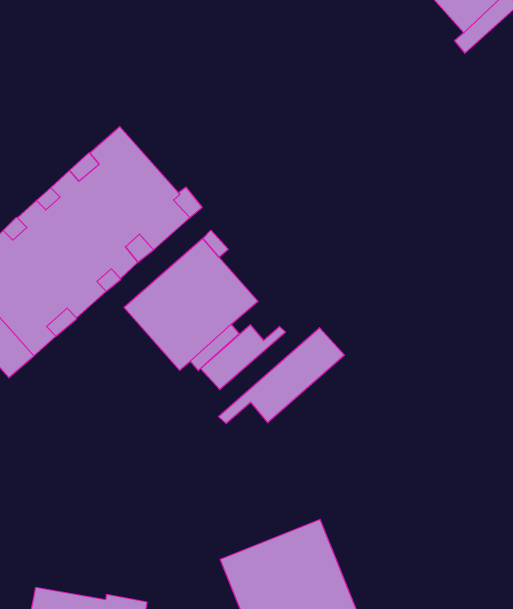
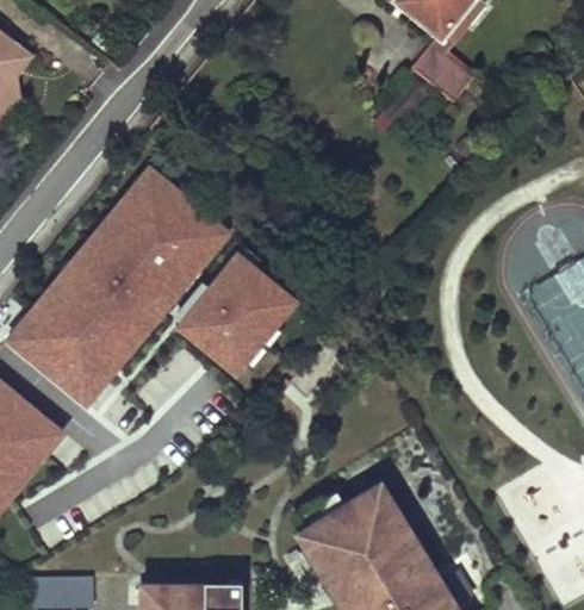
building: none -> [412,45,471,101]
building: [201,325,285,390] -> none
building: [219,328,344,424] -> none

